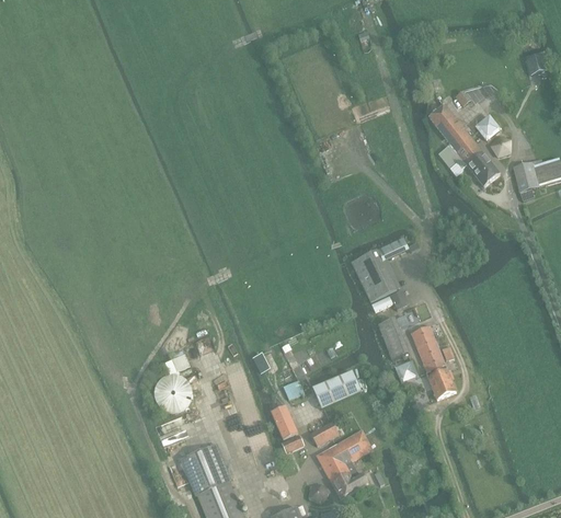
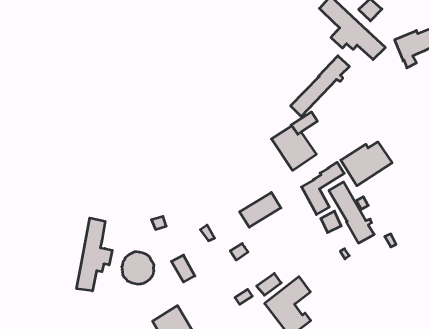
building: none -> [291,56,349,116]
building: none -> [341,142,392,186]
building: none -> [77,218,112,291]
building: [311,370,360,407] -> [240,192,281,227]
building: [271,407,296,439] -> [171,255,195,282]

